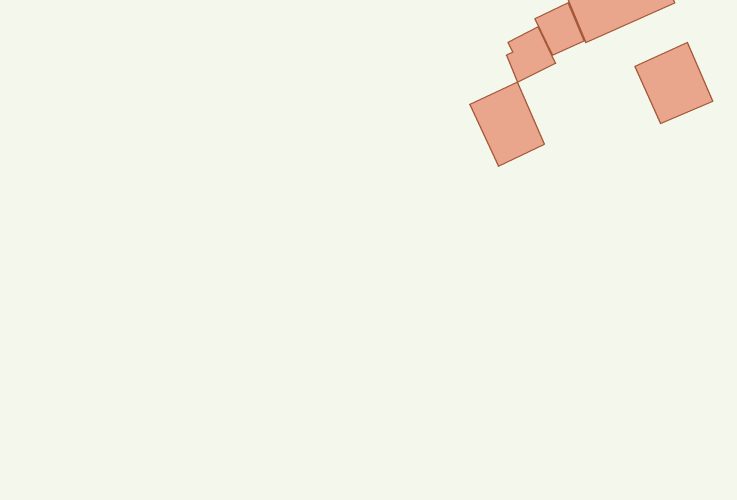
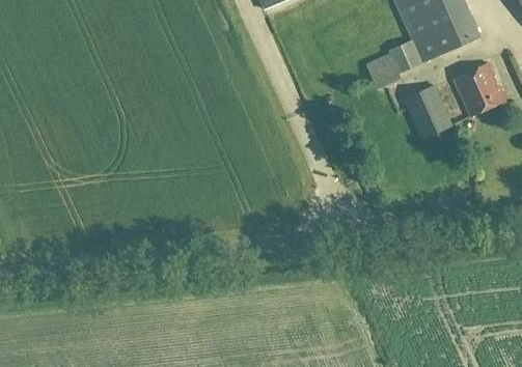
building: [470,82,544,166] -> [403,84,451,139]

